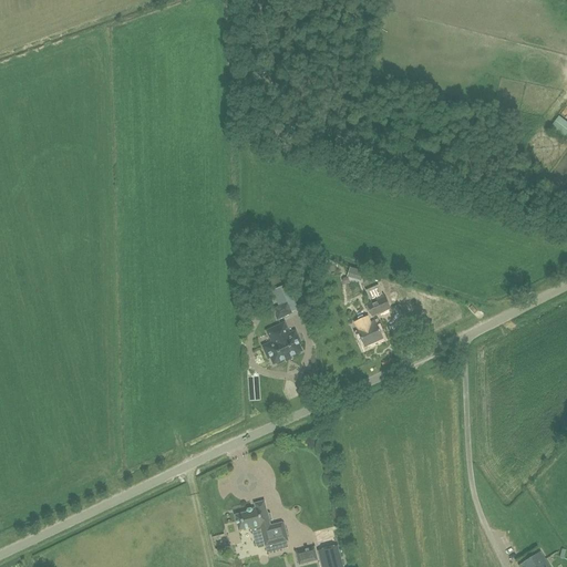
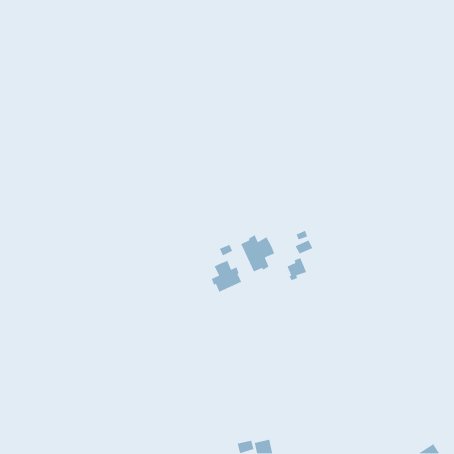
building: none -> [240,234,275,273]
building: [234,501,287,546] -> none

